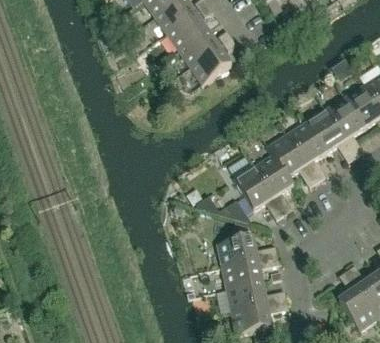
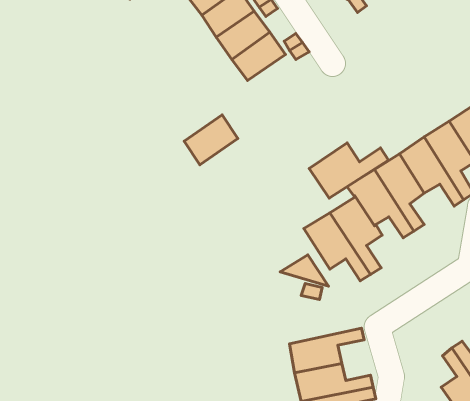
building: [190,46,231,84] -> [184,115,238,165]
building: none -> [309,143,388,198]
building: [217,236,277,267] -> none

